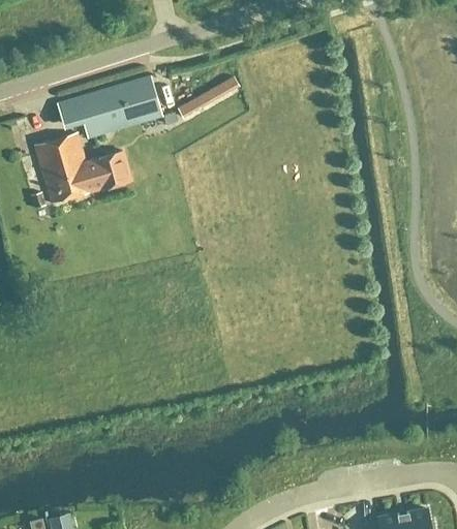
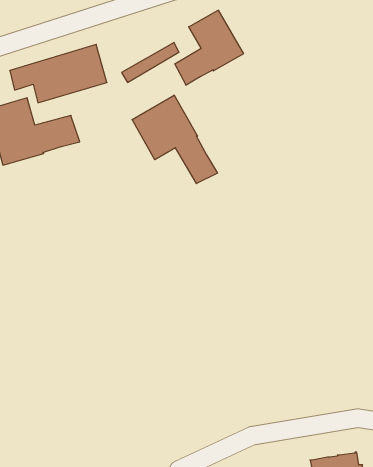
building: none -> [175,10,243,85]
building: none -> [132,95,218,184]

